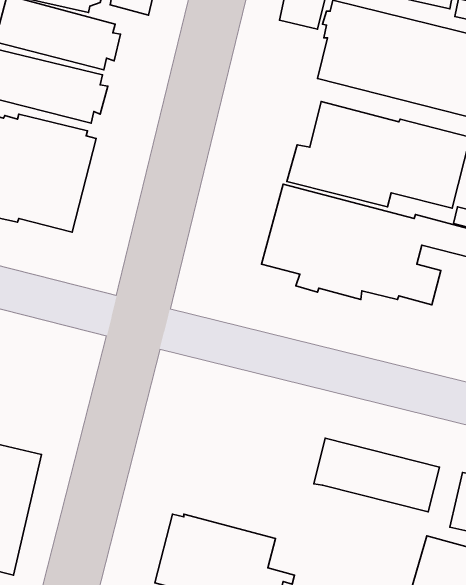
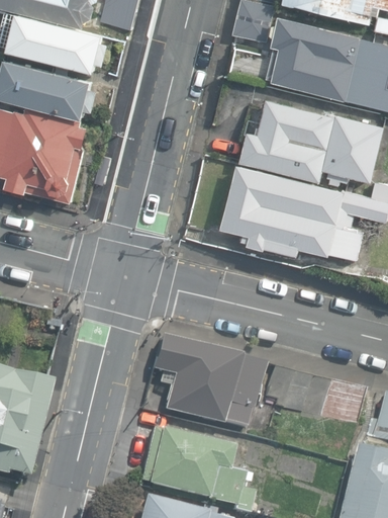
building: none -> [136,333,262,428]

